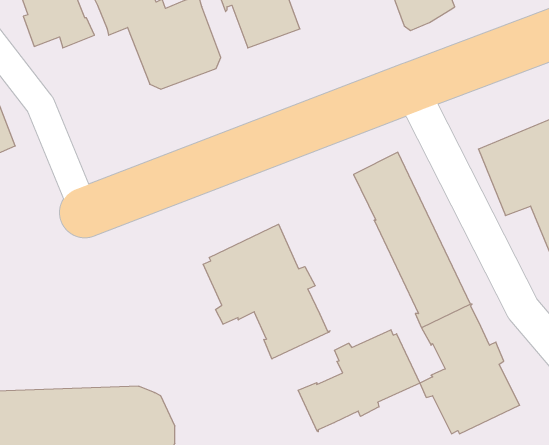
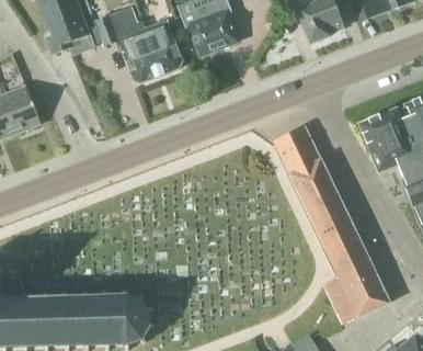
building: [203,224,330,359] -> none
building: [298,330,420,432] -> none

